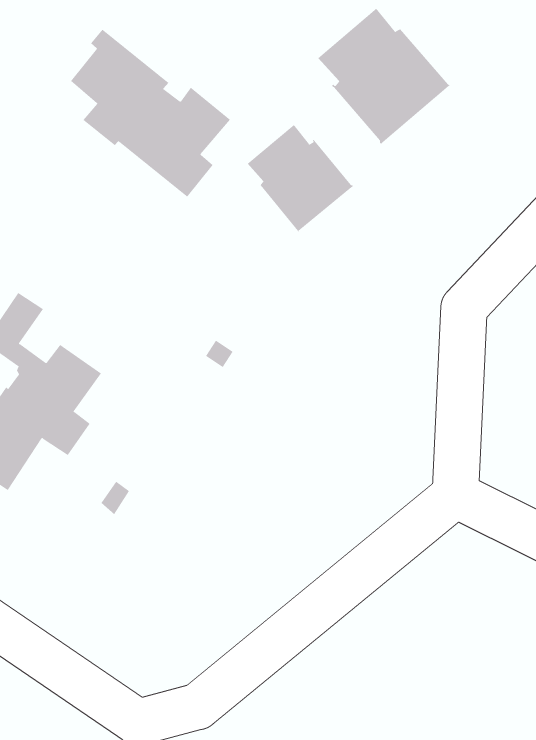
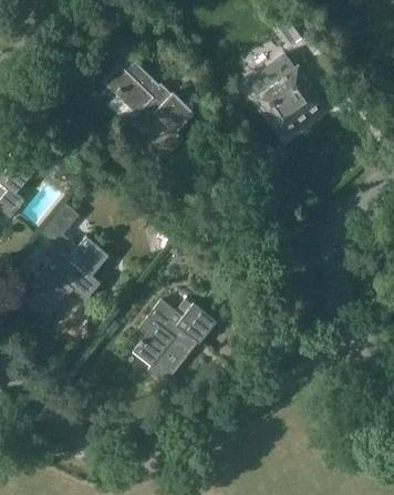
building: [247,124,354,233] -> none
building: none -> [133,298,217,384]

